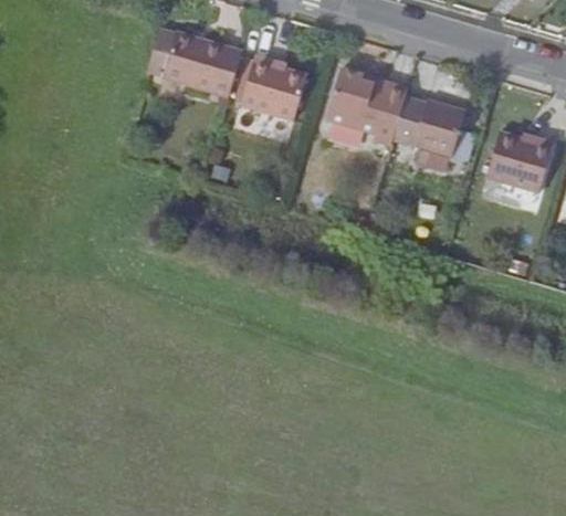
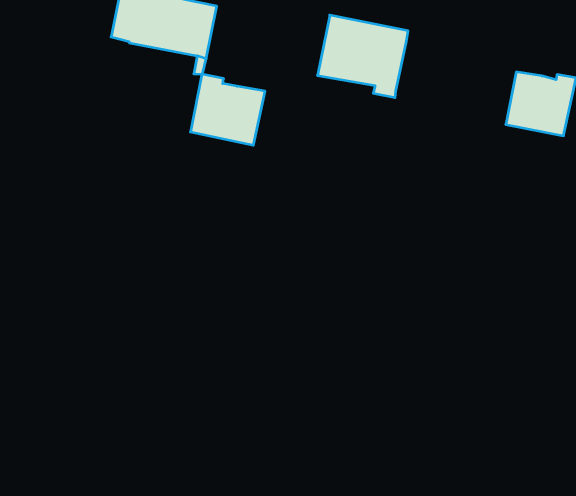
building: [241,54,310,120] -> [190,74,265,145]
building: [392,96,465,156] -> none

